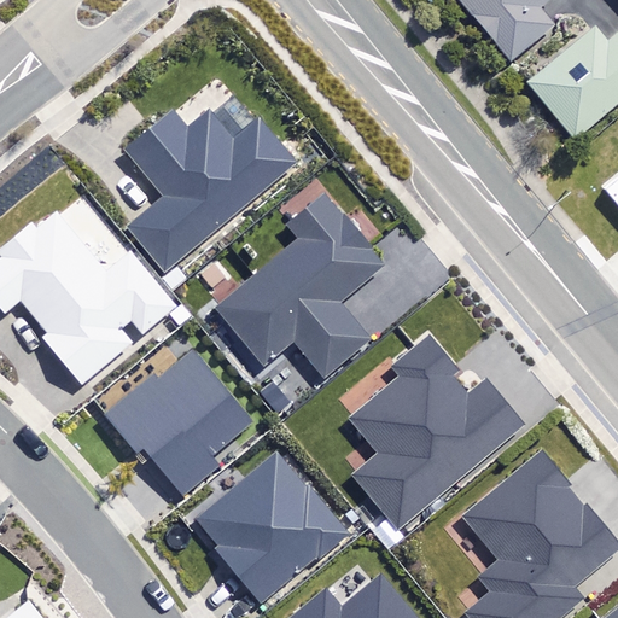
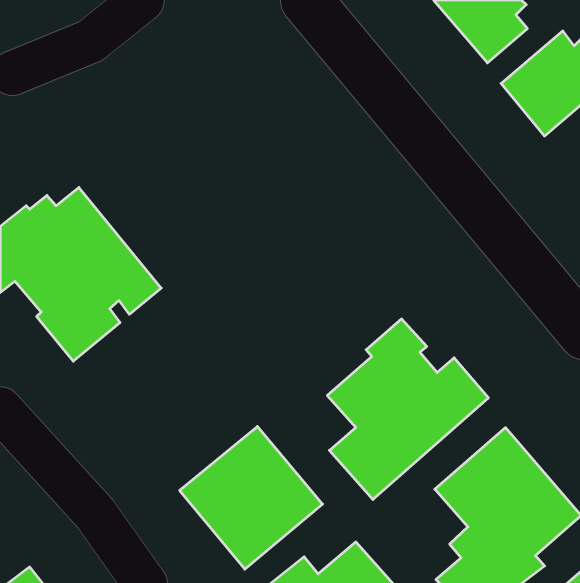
building: [124,109,296,269] -> none
building: [215,191,384,378] -> none
building: [105,346,250,492] -> none

